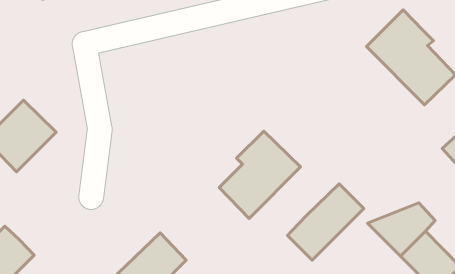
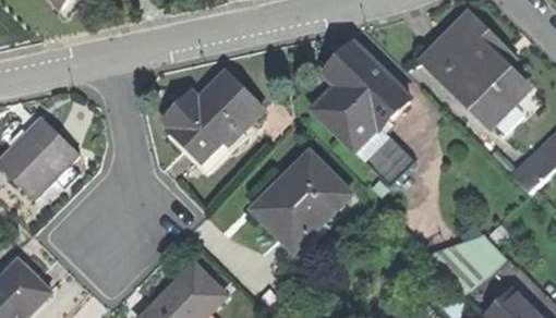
building: none -> [317,46,413,181]
building: none -> [164,74,262,161]
building: [288,184,364,260] -> none

